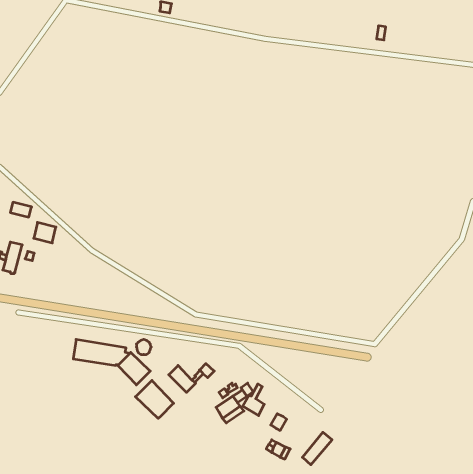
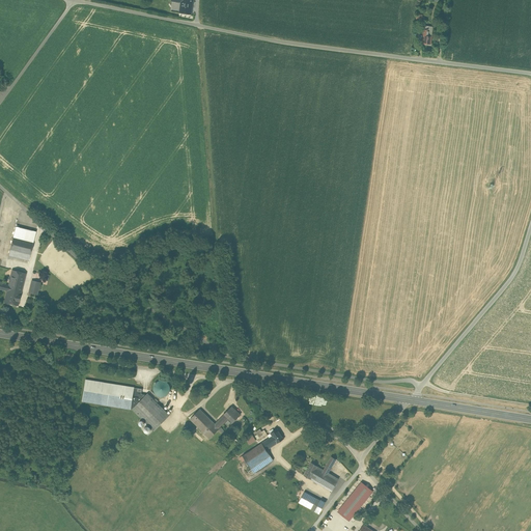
building: [34,222,56,243] -> [7,237,32,260]
building: [135,380,174,418] -> none
building: [243,384,264,416] -> [313,456,337,492]

